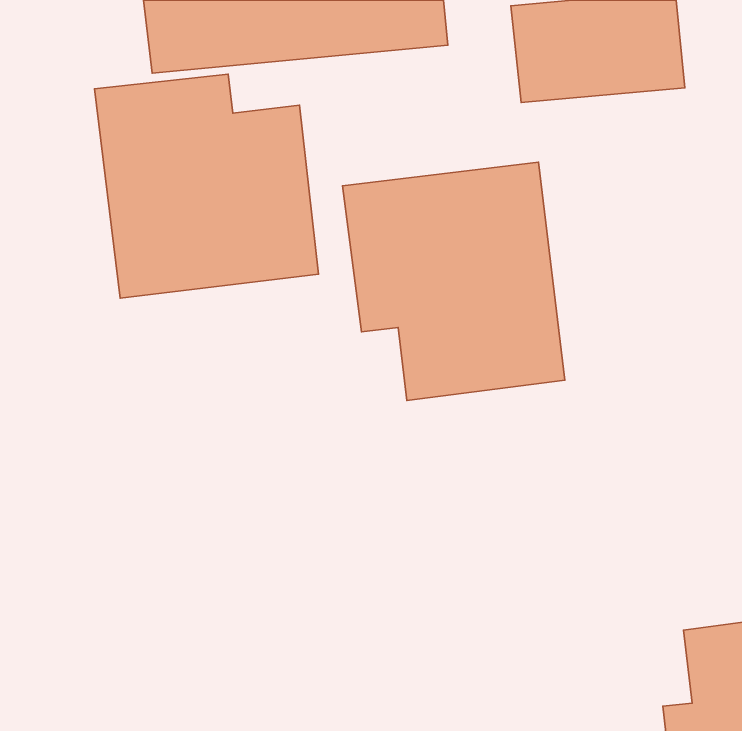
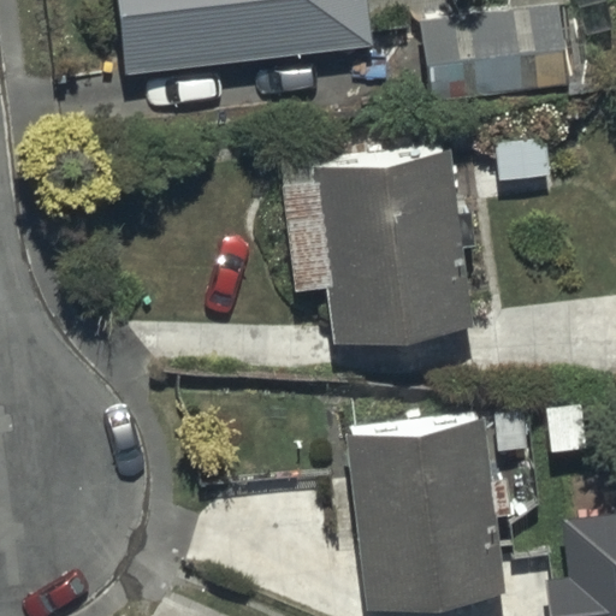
building: [95,74,319,298] -> none
building: none -> [348,410,502,606]

